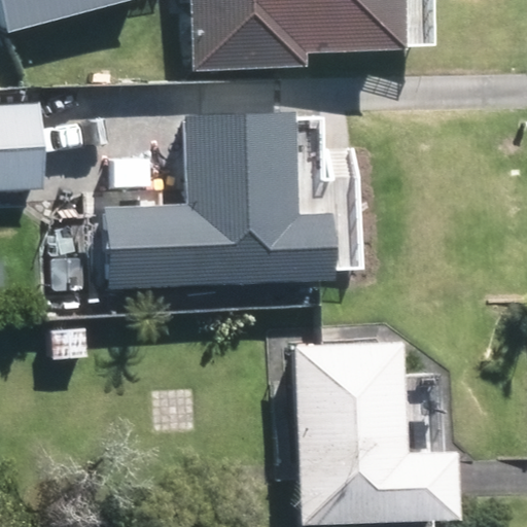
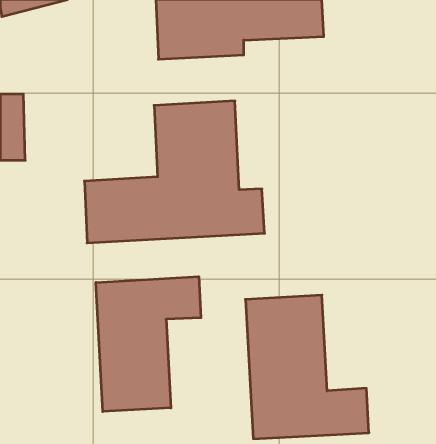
building: none -> [96,277,201,412]

